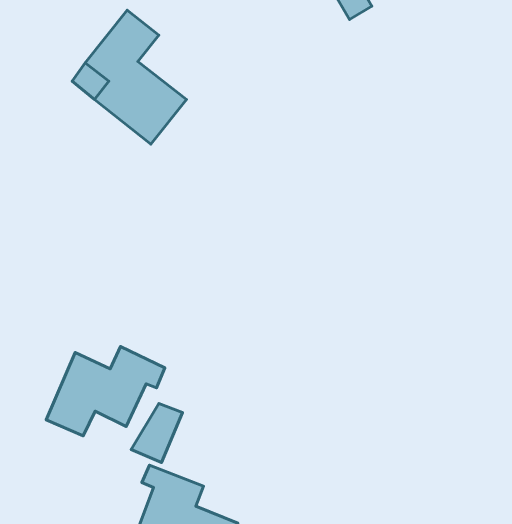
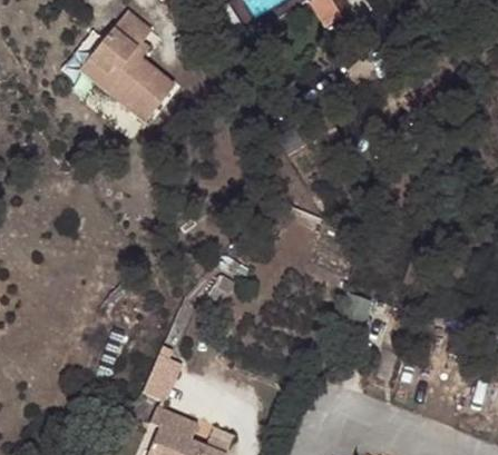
building: [46,346,165,436] -> none

